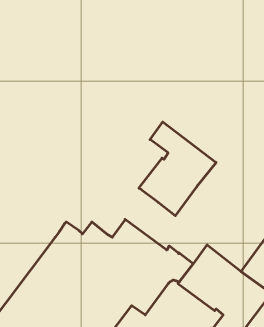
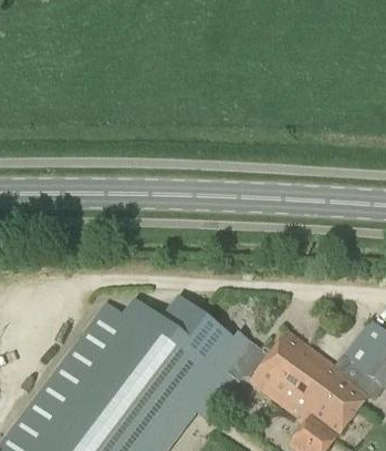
building: [139,122,216,216] -> none

